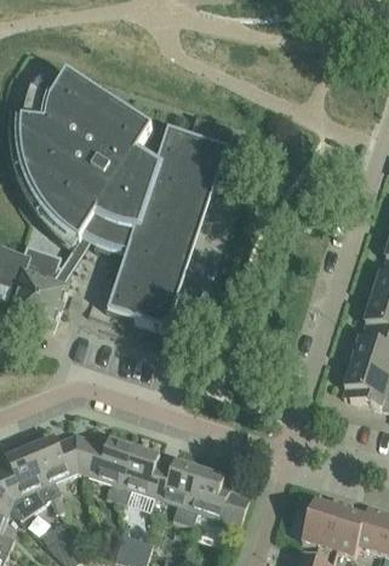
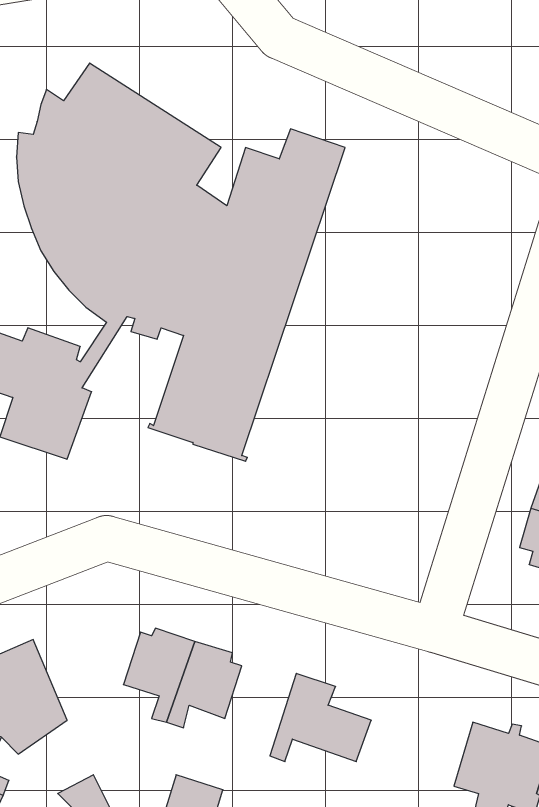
building: [30,431,99,510] -> none
building: [154,459,200,520] -> none

